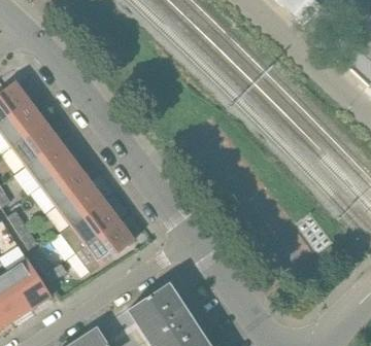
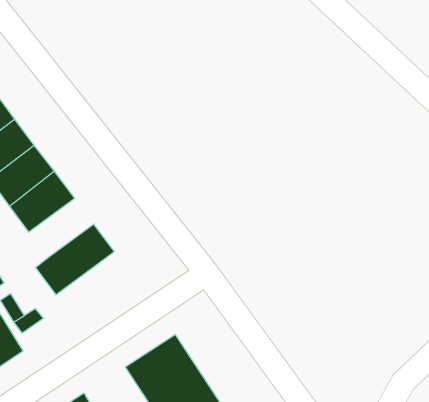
building: [56,180,105,226] -> none
building: [76,220,136,273] -> none

